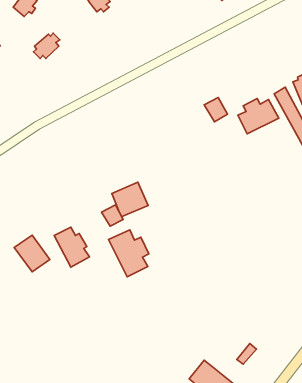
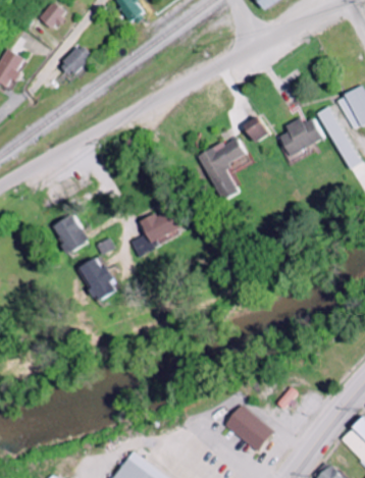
building: none -> [198,138,246,201]
building: [108,230,149,277] -> none
building: [14,235,50,272] -> [51,214,90,254]

